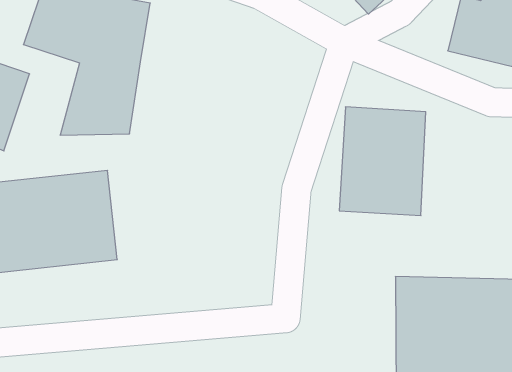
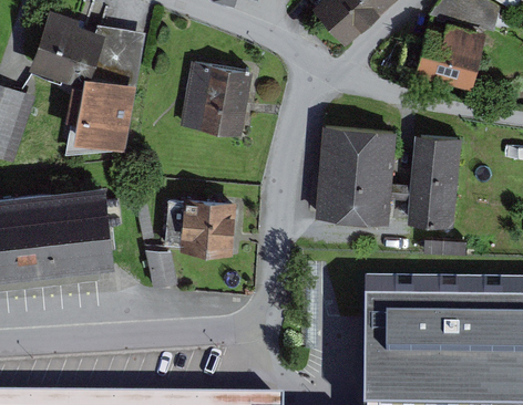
building: none -> [177,64,252,139]
building: none -> [416,136,459,230]
building: none -> [147,199,236,289]

